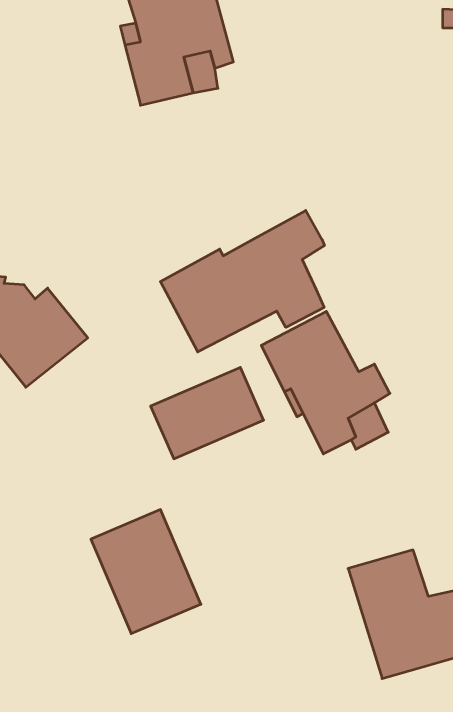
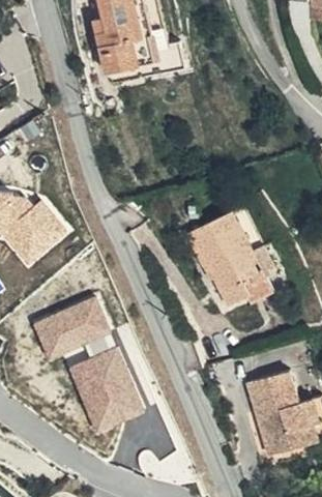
building: [160,210,324,352] -> none
building: [151,367,264,459] -> [35,296,111,357]

